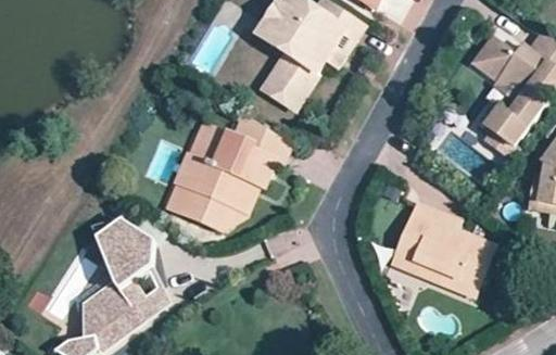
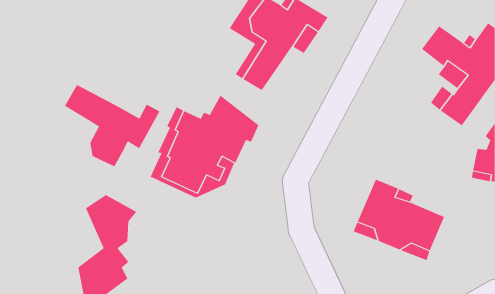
building: none -> [64,84,160,167]

